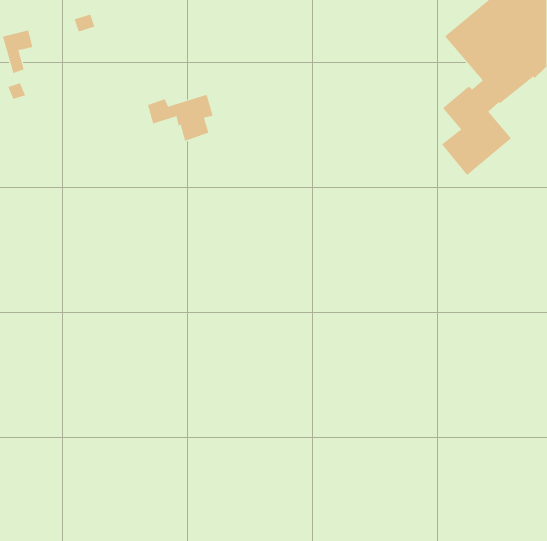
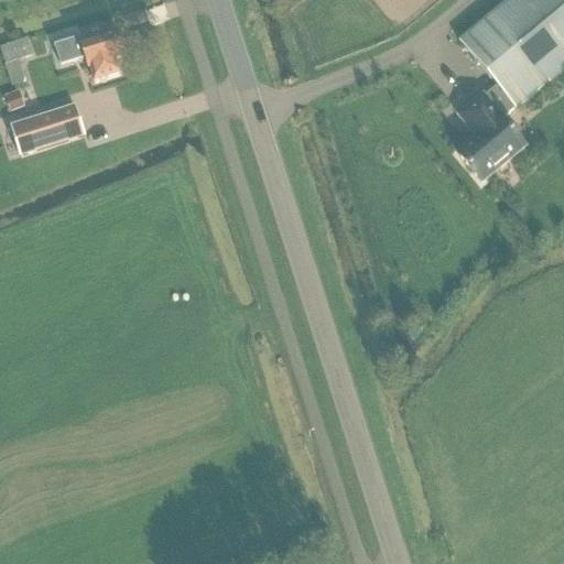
building: [147,94,213,141] -> [55,30,123,78]
building: none -> [11,102,84,152]

